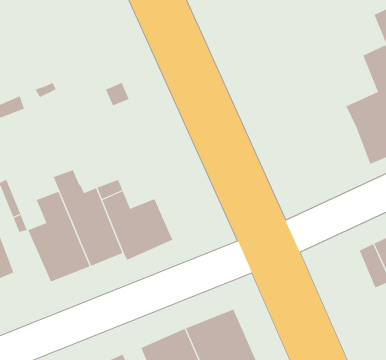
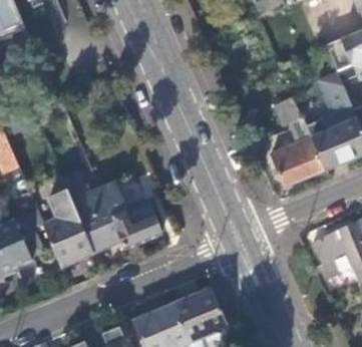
building: none -> [271,99,323,187]

